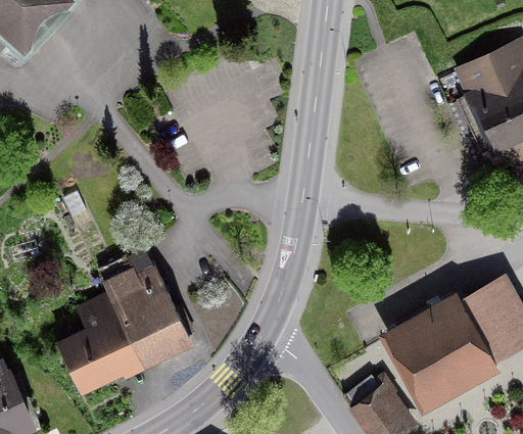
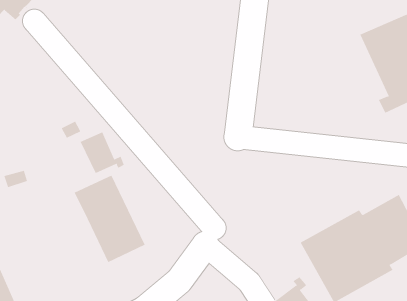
building: none -> [80,132,125,174]
building: [58,295,139,389] -> none

